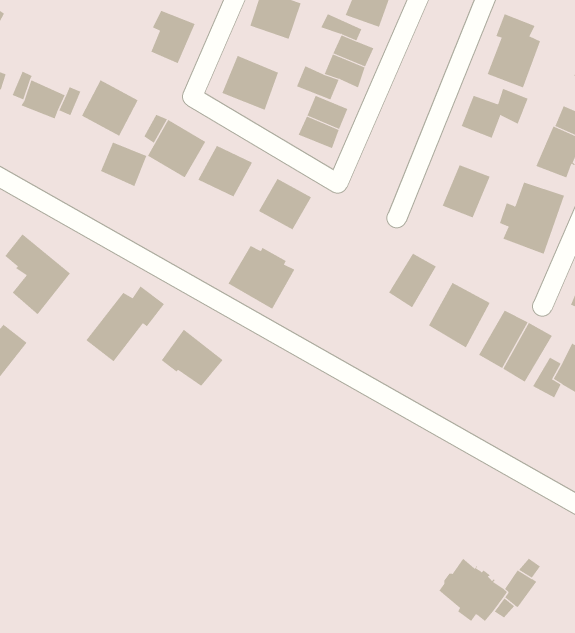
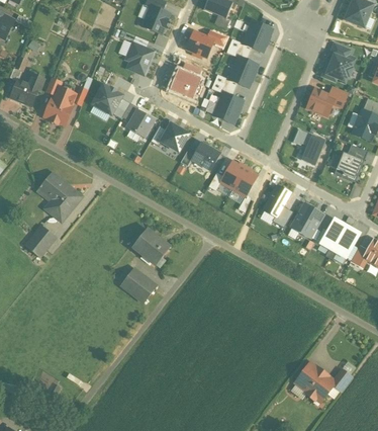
building: [100,142,147,187] -> [44,98,72,124]
building: [228,245,295,309] -> [219,160,259,197]
building: [85,285,165,362] -> none
building: none -> [121,268,157,303]

